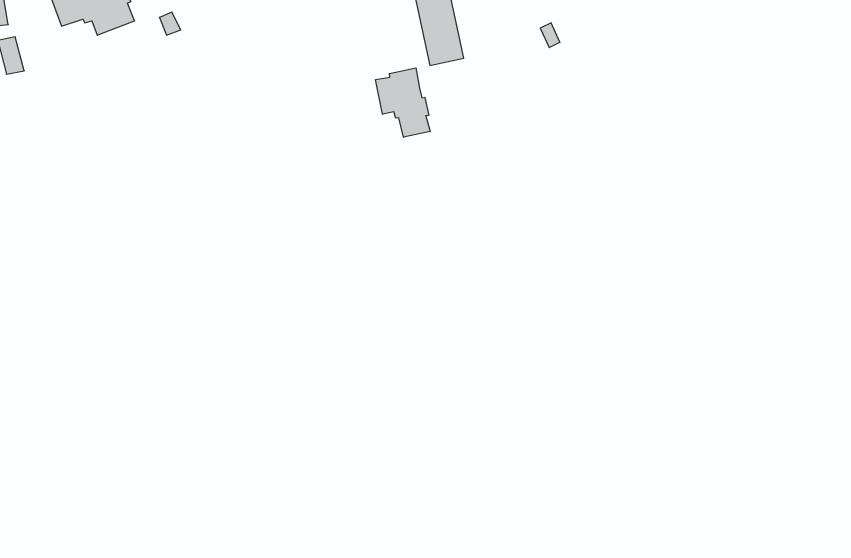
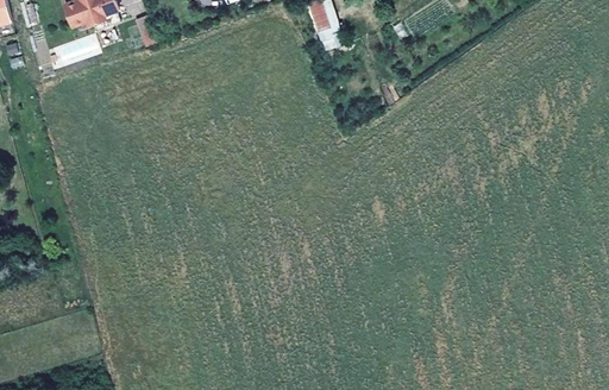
building: [376,68,430,137] -> none

